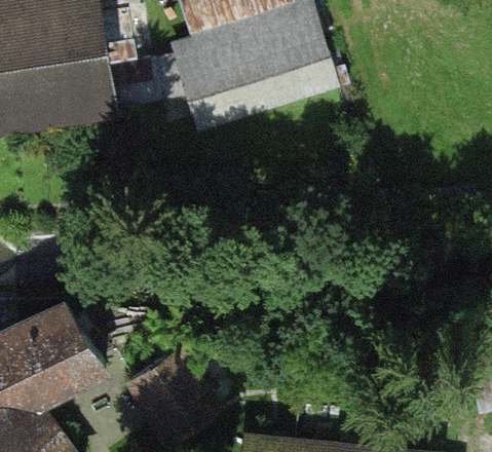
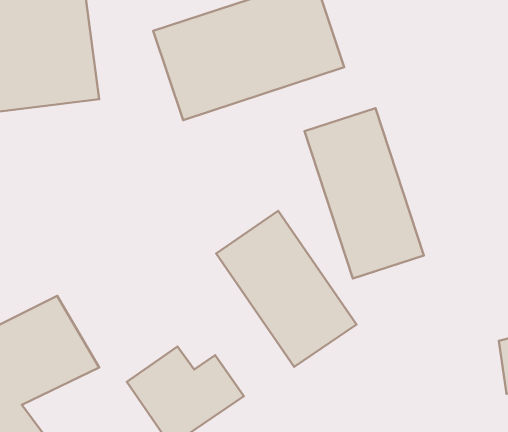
building: none -> [304,108,424,278]
building: none -> [216,211,356,367]

